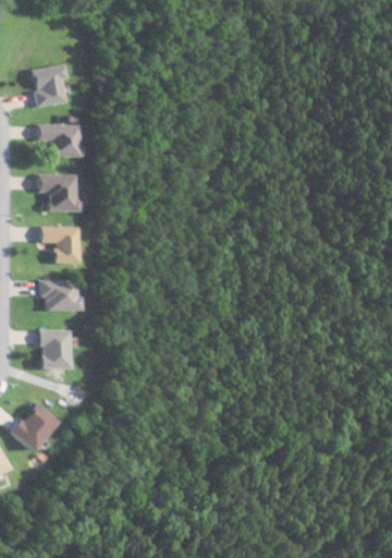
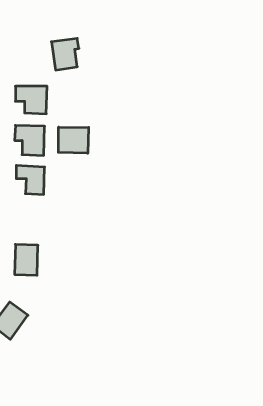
building: [34,65,70,107] -> [51,38,79,70]
building: none -> [58,127,89,153]
building: [38,280,79,311] -> none

